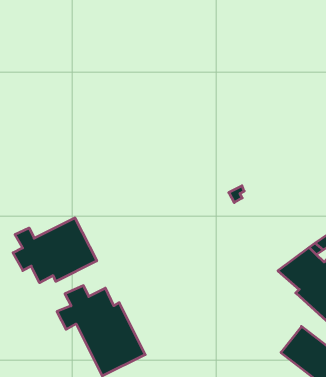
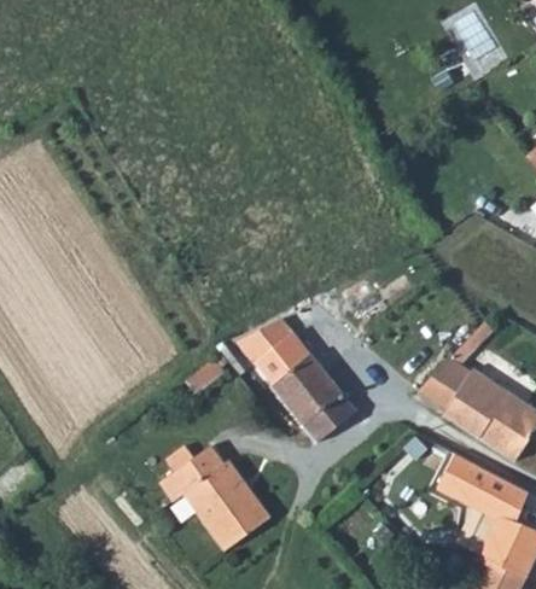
building: none -> [234,319,355,443]
building: [13,218,97,283] -> none

